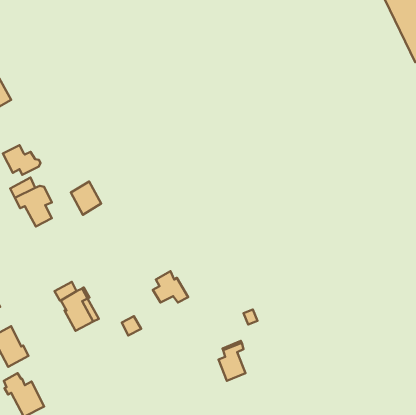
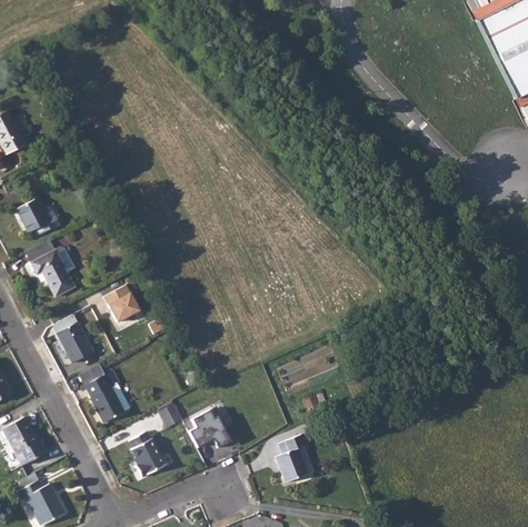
building: [71,181,101,215] -> [106,285,142,325]
building: none -> [57,321,93,362]
building: [153,271,188,303] -> [190,409,232,447]
building: none -> [129,430,166,476]

